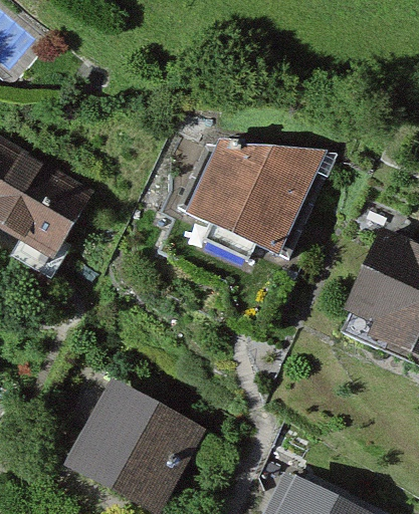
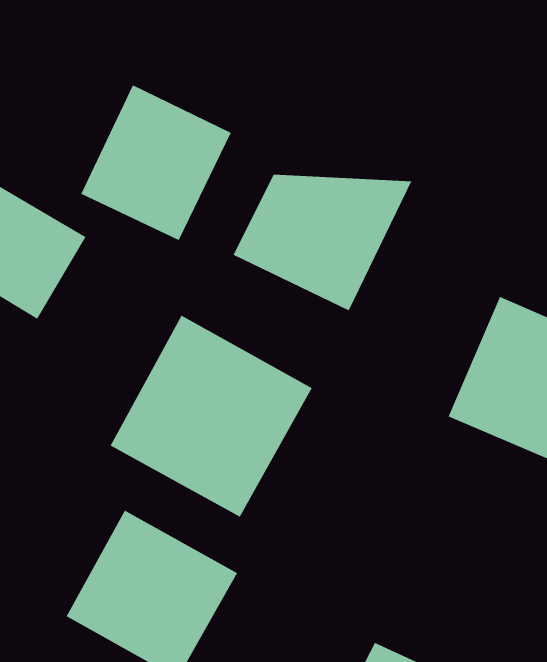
building: none -> [80,84,232,241]
building: none -> [109,315,313,518]

